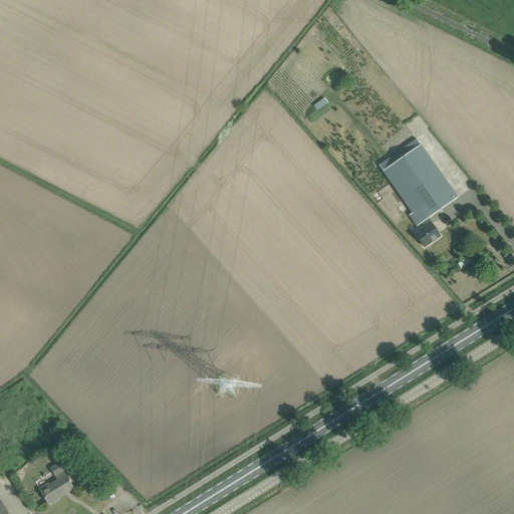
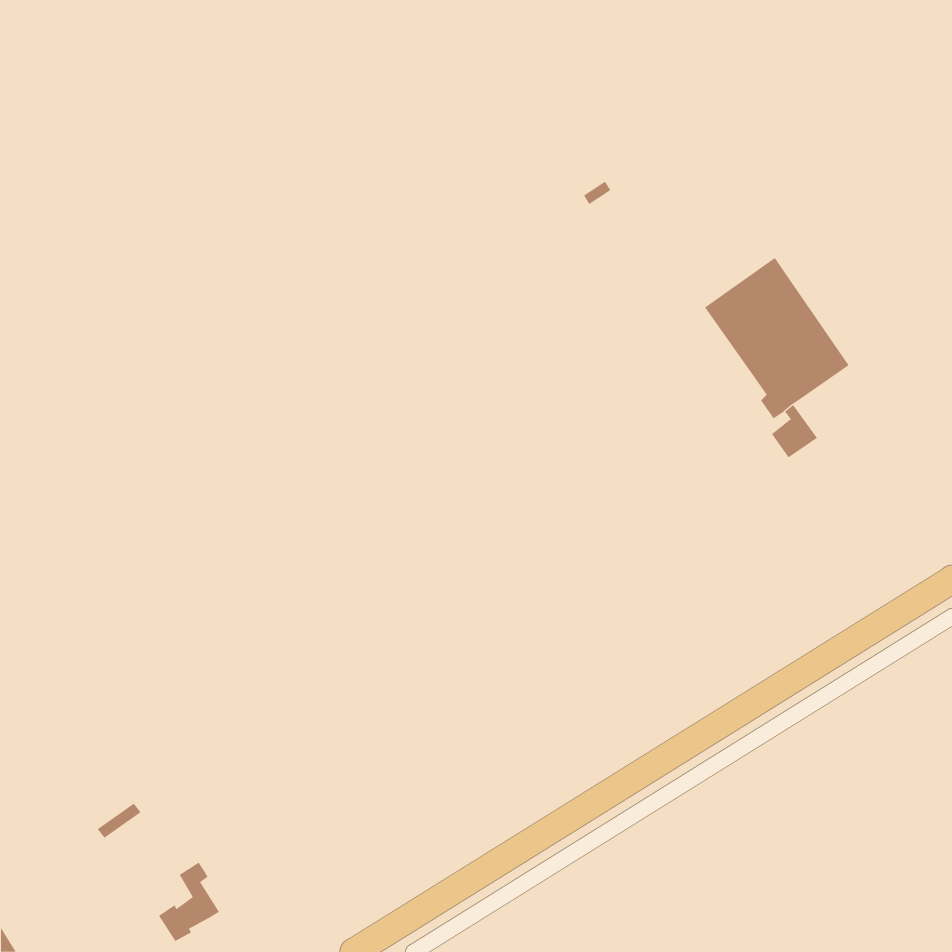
building: [40,461,73,504] -> [158,862,220,942]

